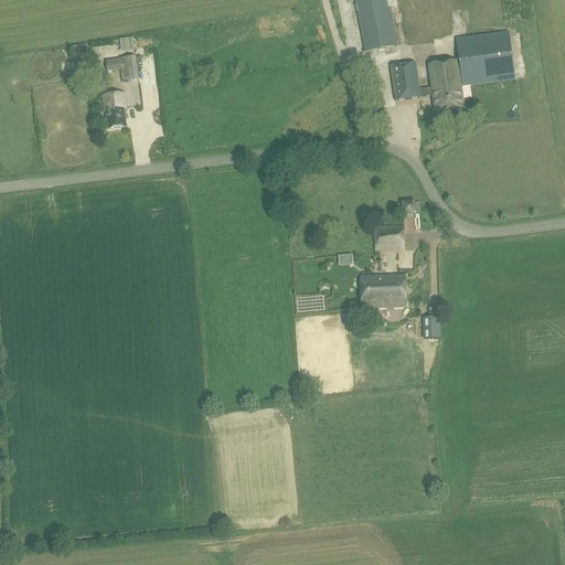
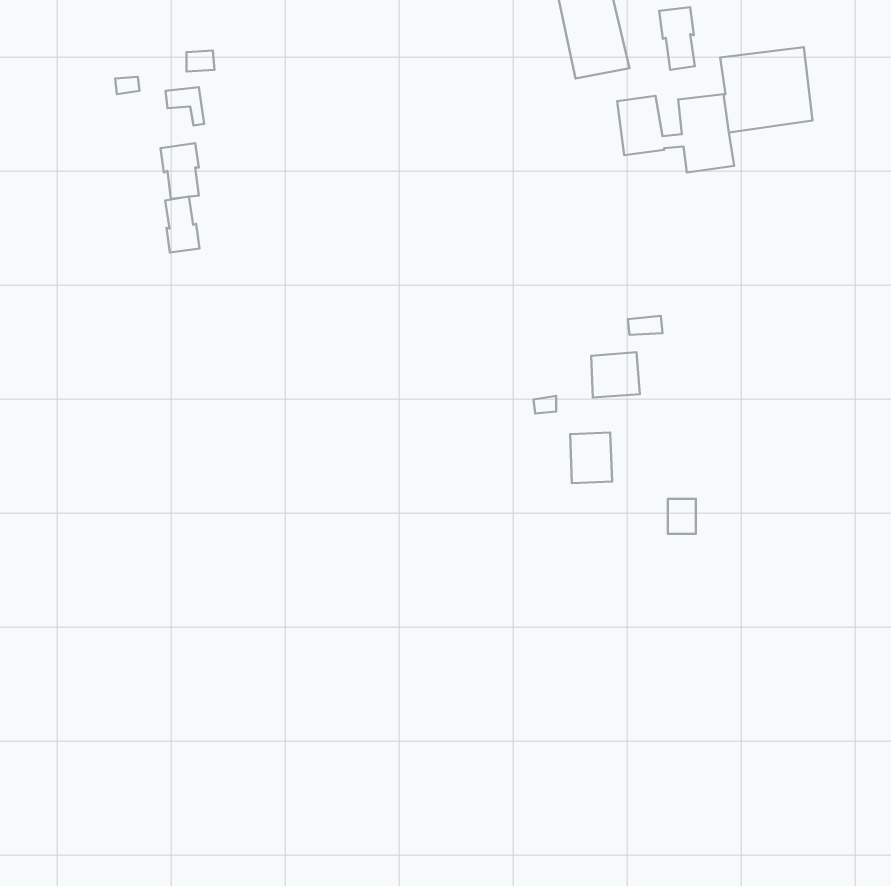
building: none -> [659,7,695,70]
building: none -> [165,197,200,253]
building: [386,274,406,305] -> none

